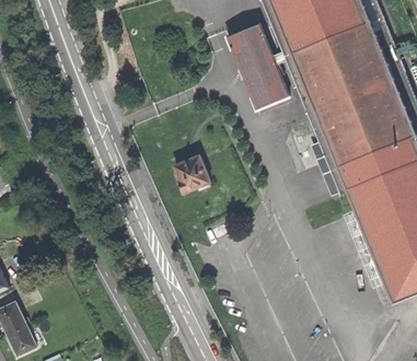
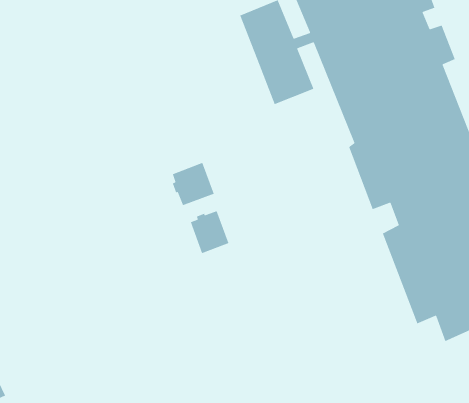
building: none -> [190,210,230,254]

